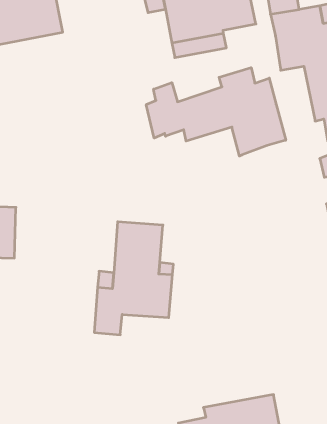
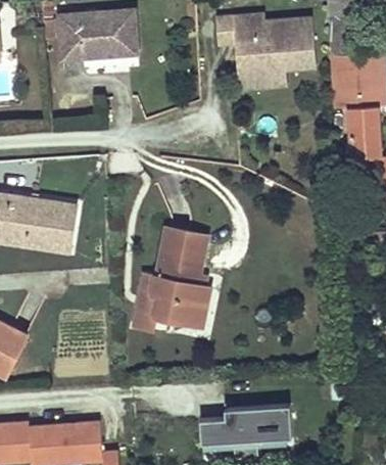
building: [146,68,286,156] -> none

